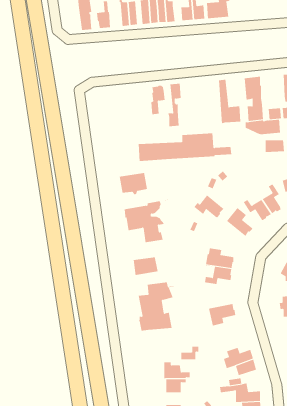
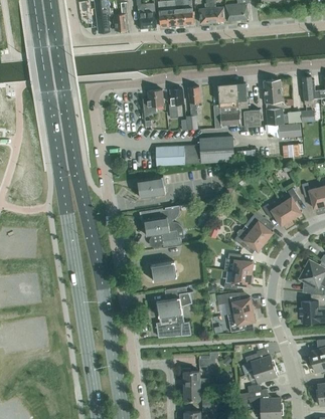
building: none -> [213,83,240,129]
building: none -> [142,89,164,119]
building: [193,192,224,219] -> [234,225,266,252]
building: none -> [217,293,253,315]

